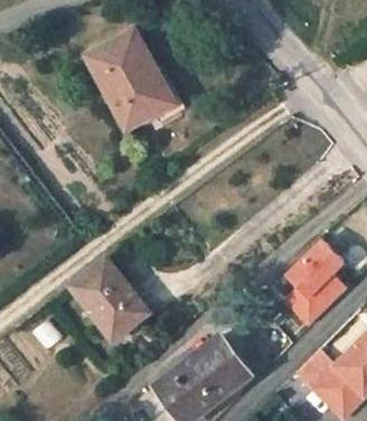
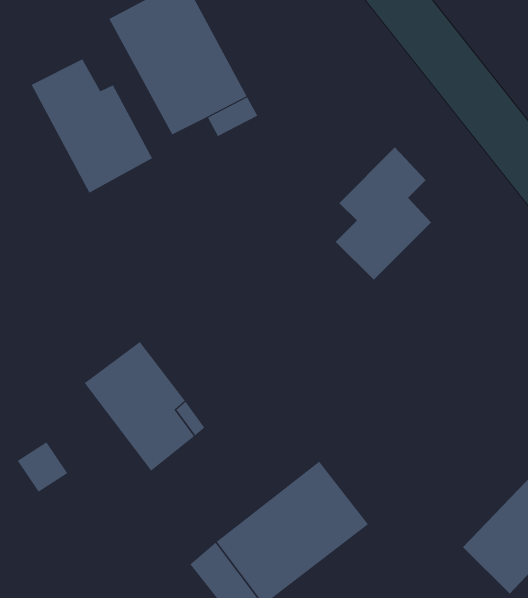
building: none -> [31,59,153,193]
building: [285,238,346,322] -> [335,147,432,280]

